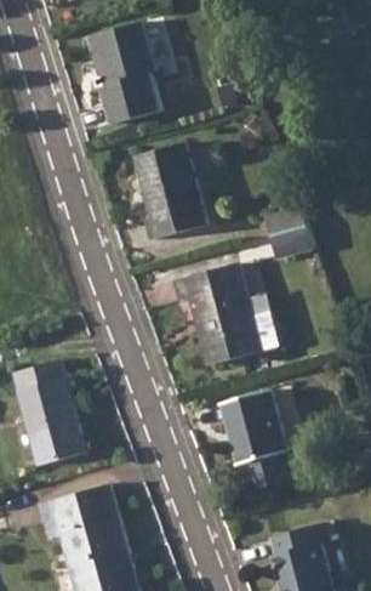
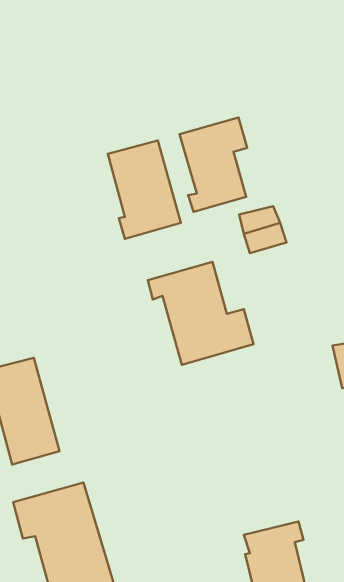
building: [91,19,160,123] -> none
building: none -> [180,118,247,212]
building: [221,390,293,487] -> none

